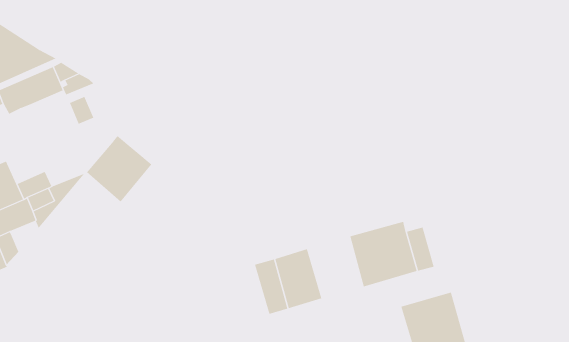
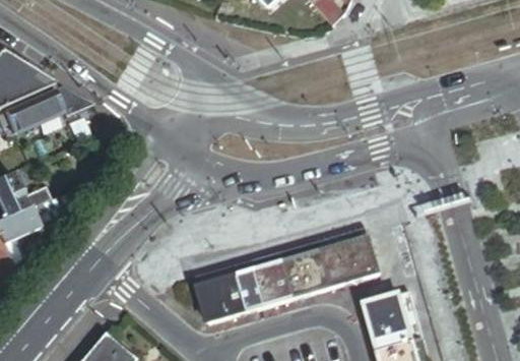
building: [86,135,152,203] -> none
building: none -> [277,243,327,299]
building: none -> [191,268,243,324]

